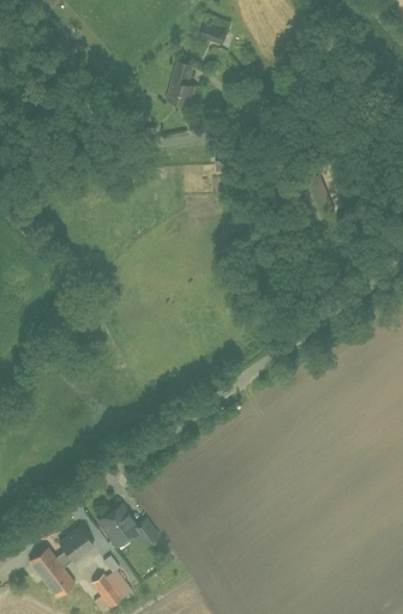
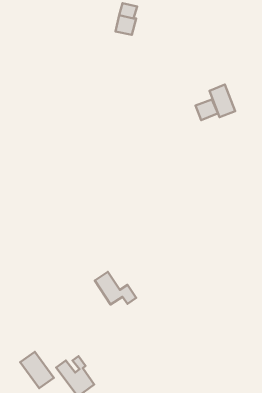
building: none -> [196,99,218,120]
building: [96,505,154,550] -> [95,272,136,305]
building: [60,526,96,562] -> none

